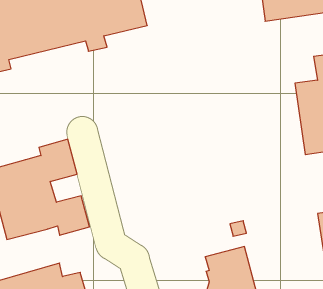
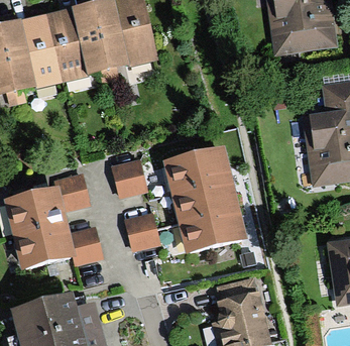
building: none -> [163,145,246,250]
building: none -> [110,156,148,198]
building: none -> [123,211,160,250]

